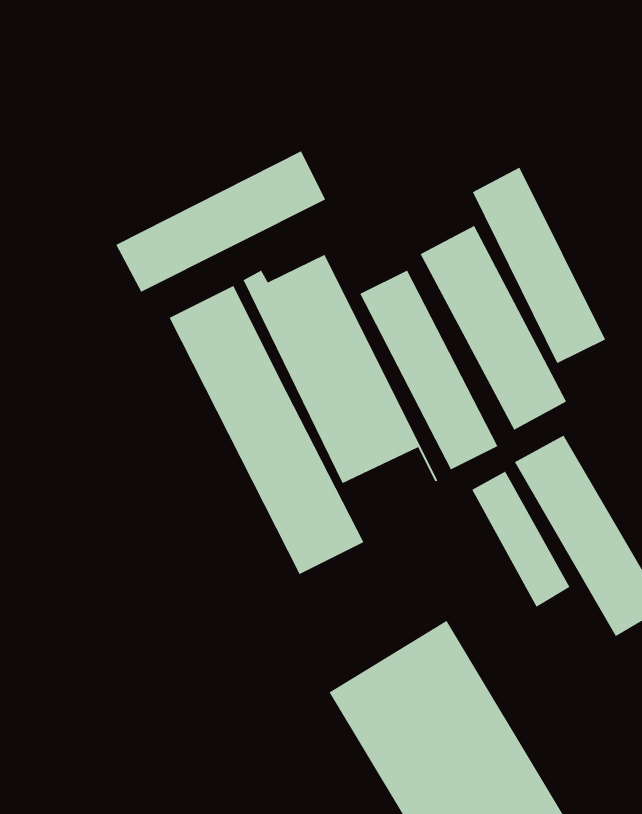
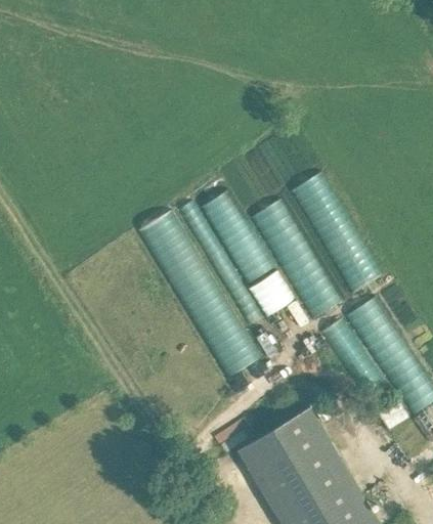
building: [115,150,326,293] -> none
building: [472,167,606,364] -> none

